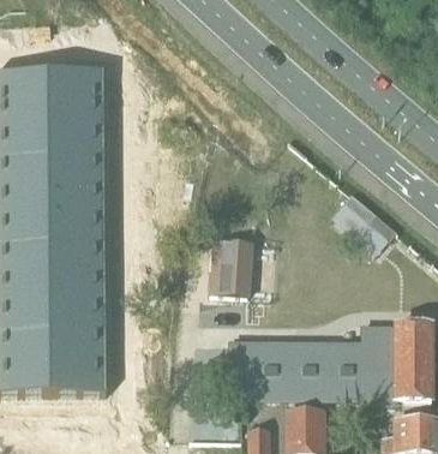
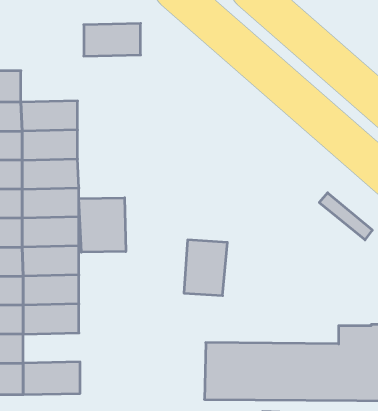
building: [47,71,103,103] -> [84,23,141,56]
building: none -> [79,198,126,252]
building: [49,333,106,363] -> none

